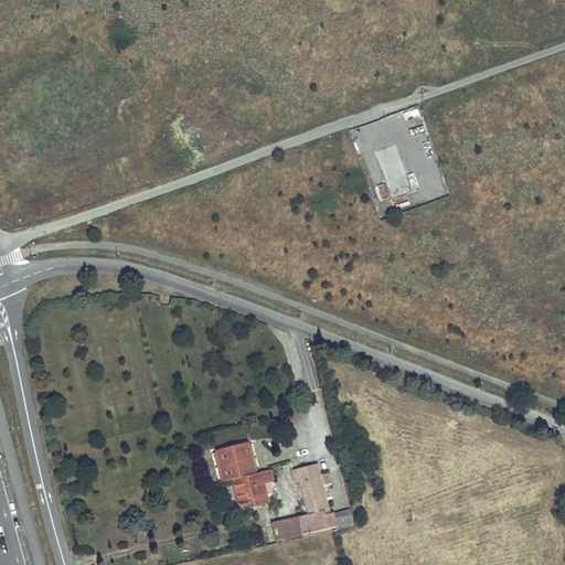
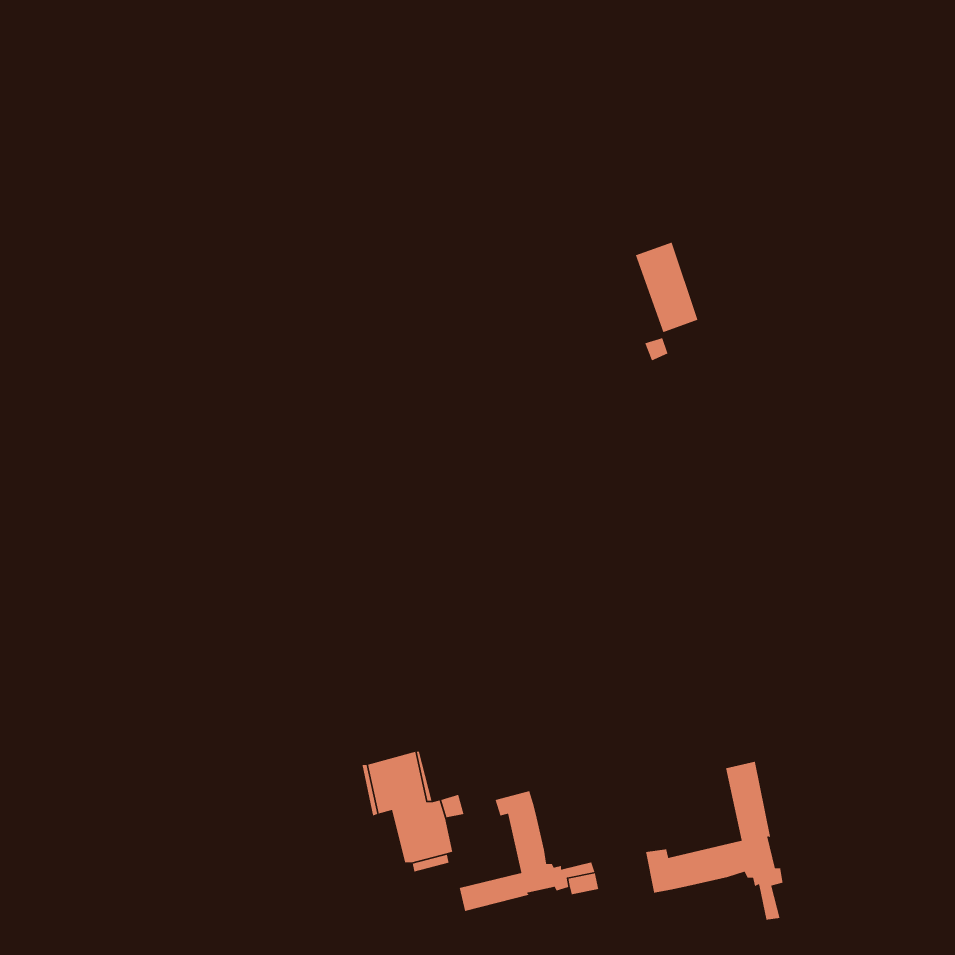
building: none -> [645,761,784,921]

